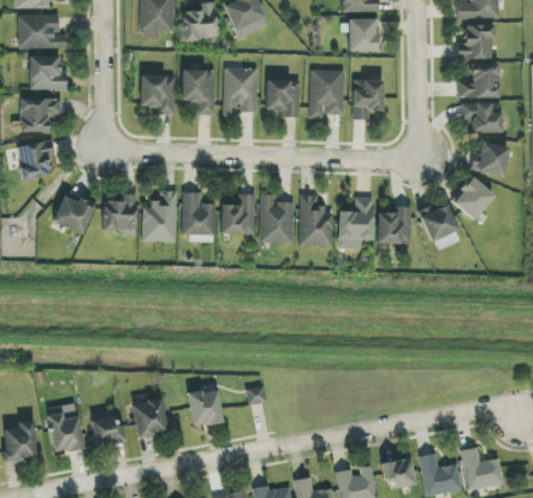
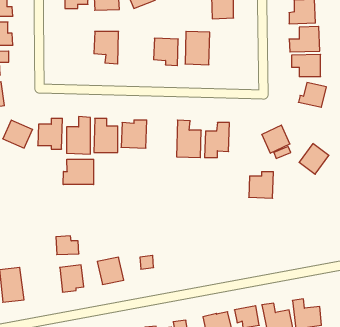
building: [223,67,257,115] -> none
building: [140,75,174,113] -> none
building: [351,78,383,119] -> none
building: [451,176,493,219] -> [299,144,329,174]
building: [259,194,294,242] -> none
building: [375,206,410,243] -> [249,172,273,198]
building: none -> [63,159,94,185]
building: [91,417,124,444] -> [56,236,79,255]

